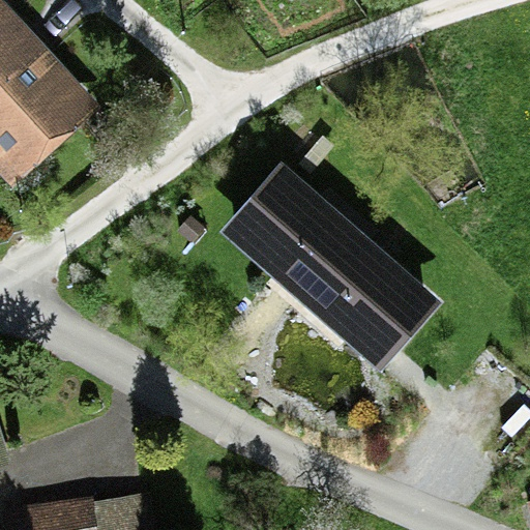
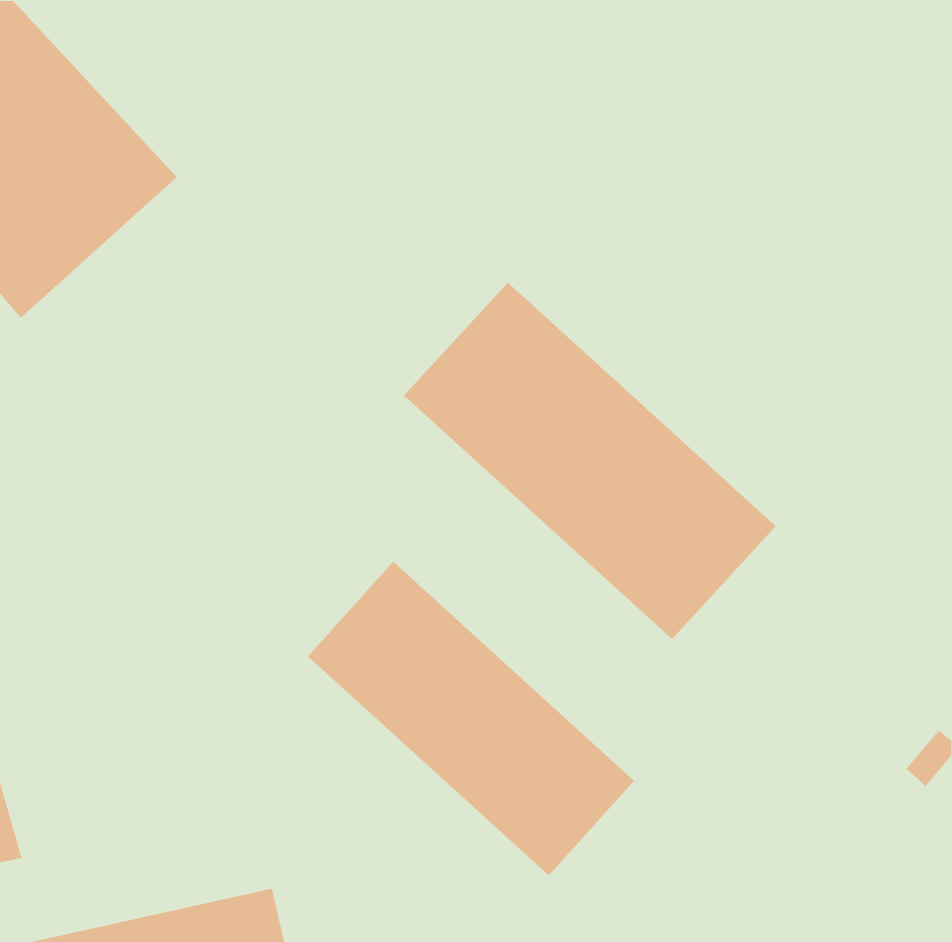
building: none -> [307,561,635,876]

